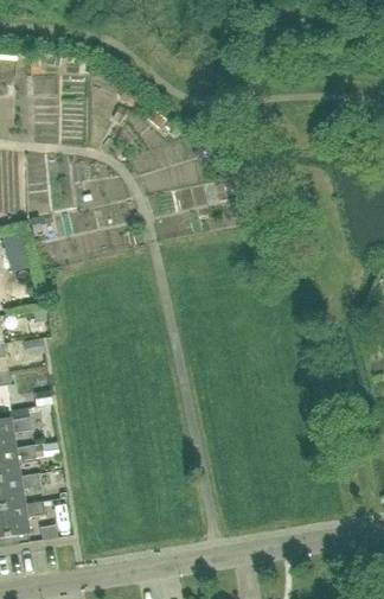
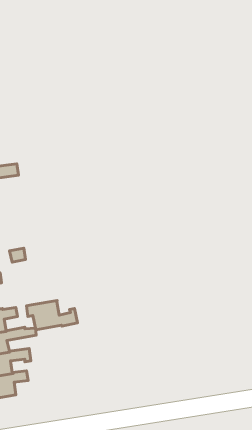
building: none -> [26,300,77,330]

